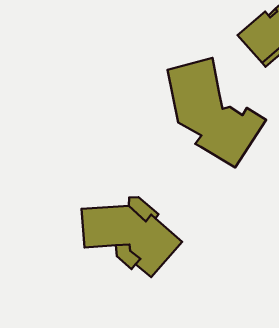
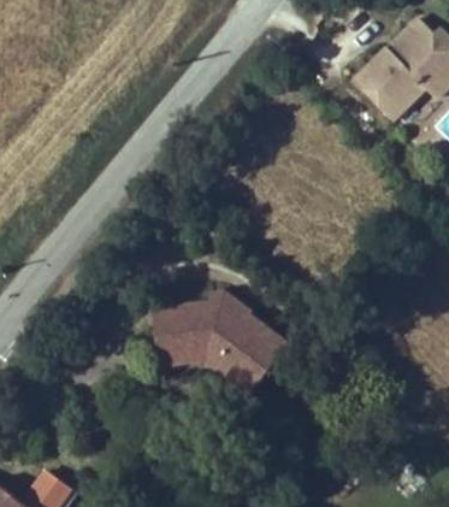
building: [168,58,266,168] -> none

